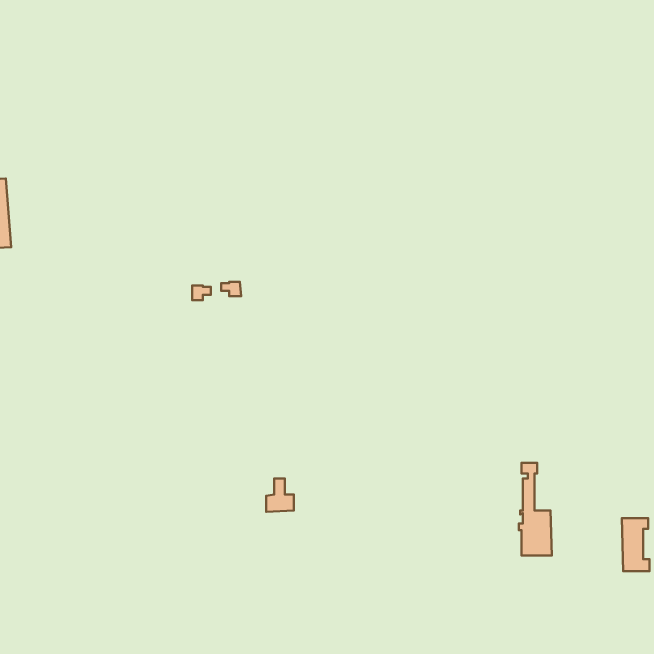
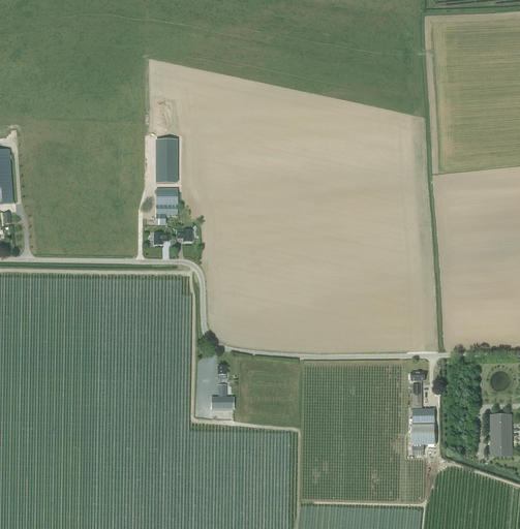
building: none -> [155,138,177,183]
building: none -> [156,188,177,224]

